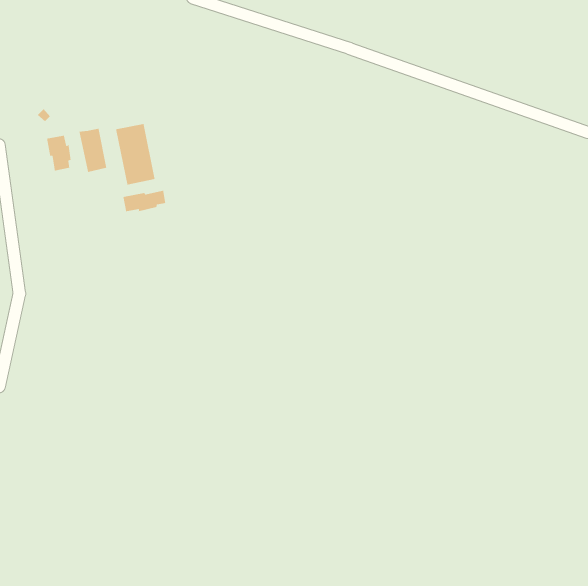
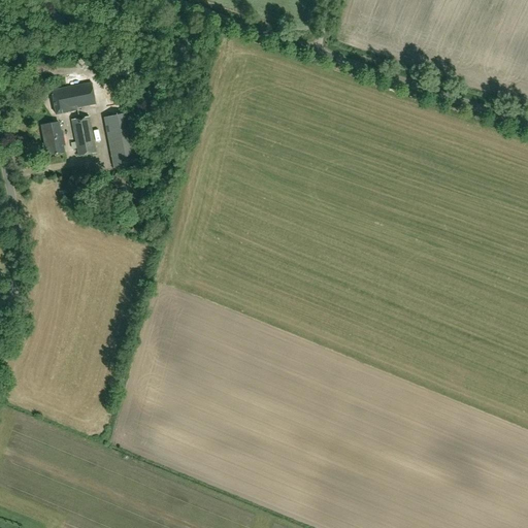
building: none -> [50,80,95,113]
building: [122,190,166,212] -> none

